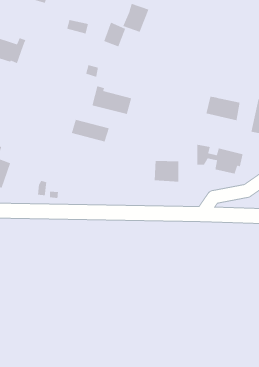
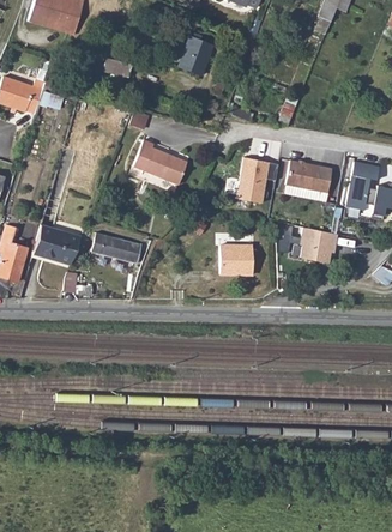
building: [103,21,126,48] -> none
building: none -> [233,159,276,205]
building: [71,119,110,142] -> [90,231,141,262]
building: none -> [34,225,80,264]

